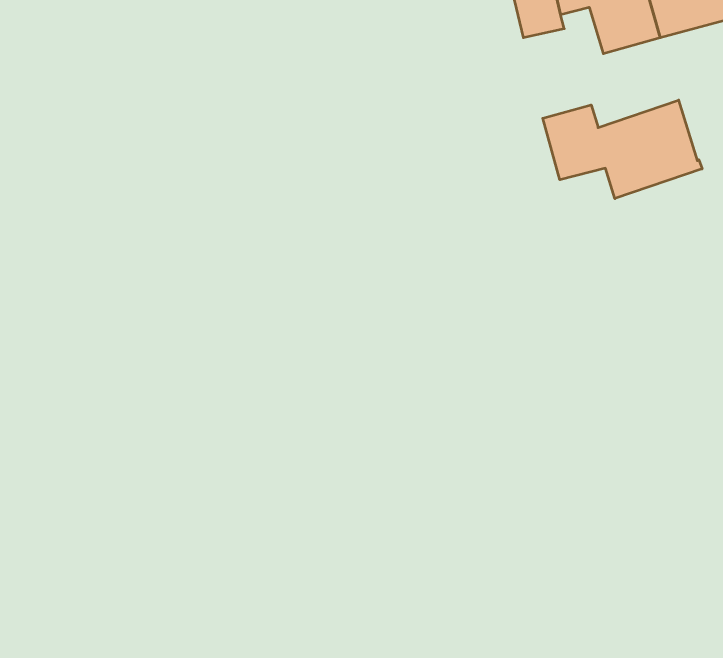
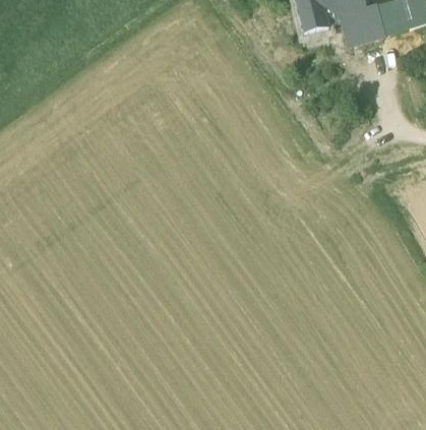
building: [543,100,702,199] -> none

